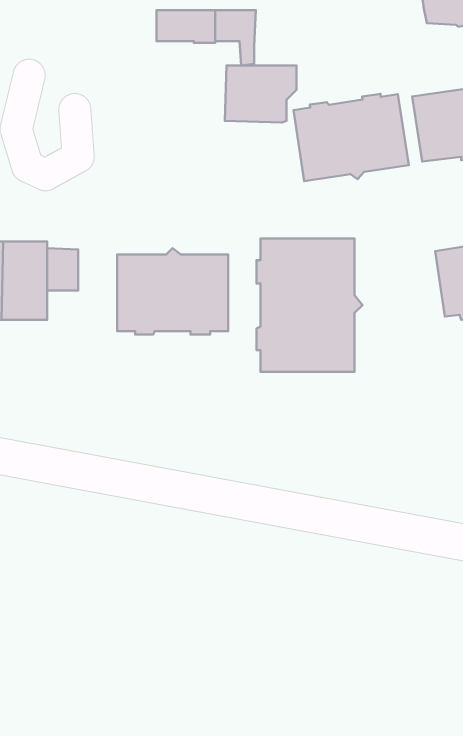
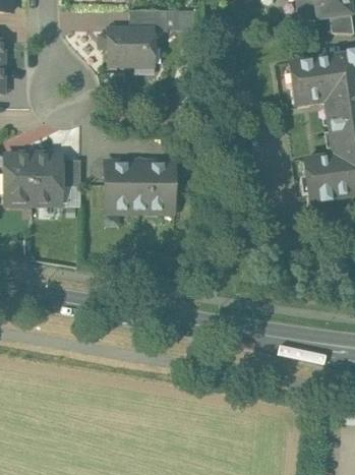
building: [225,66,296,123] -> [108,28,153,64]
building: [293,94,409,181] -> none
building: [257,239,363,372] -> none

